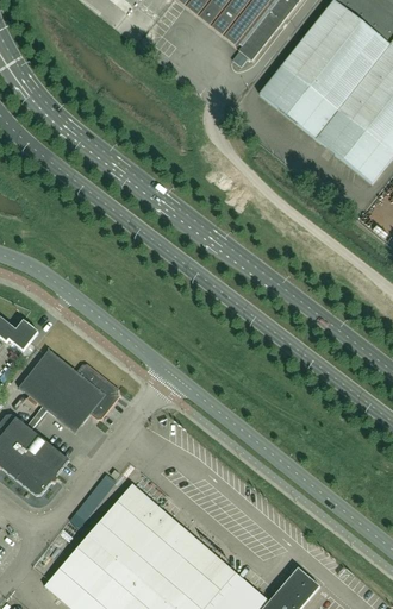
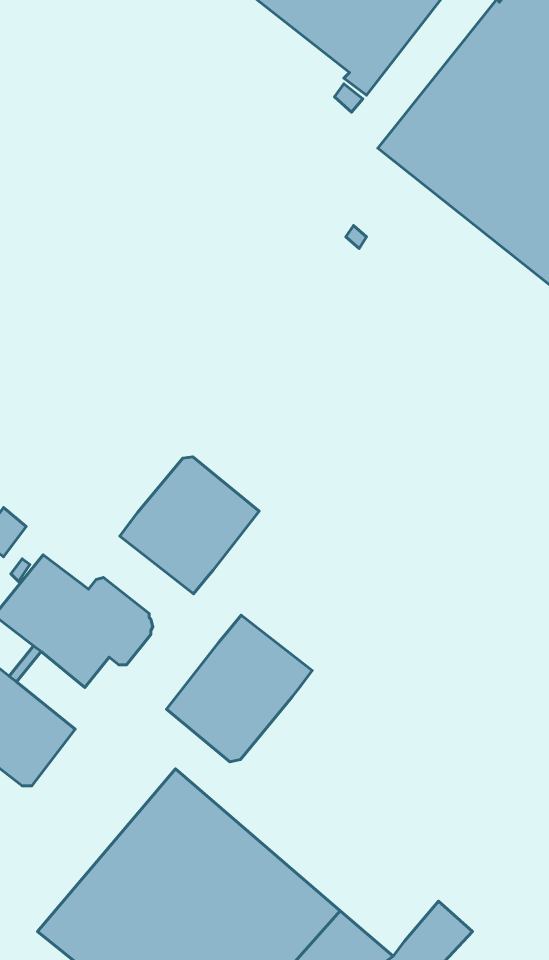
building: none -> [120,457,259,594]
building: none -> [166,615,312,762]

